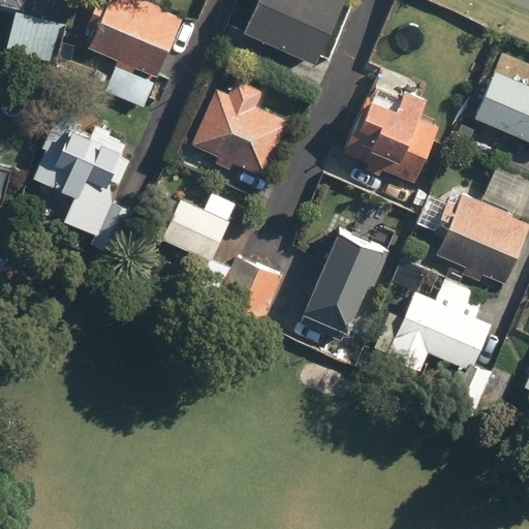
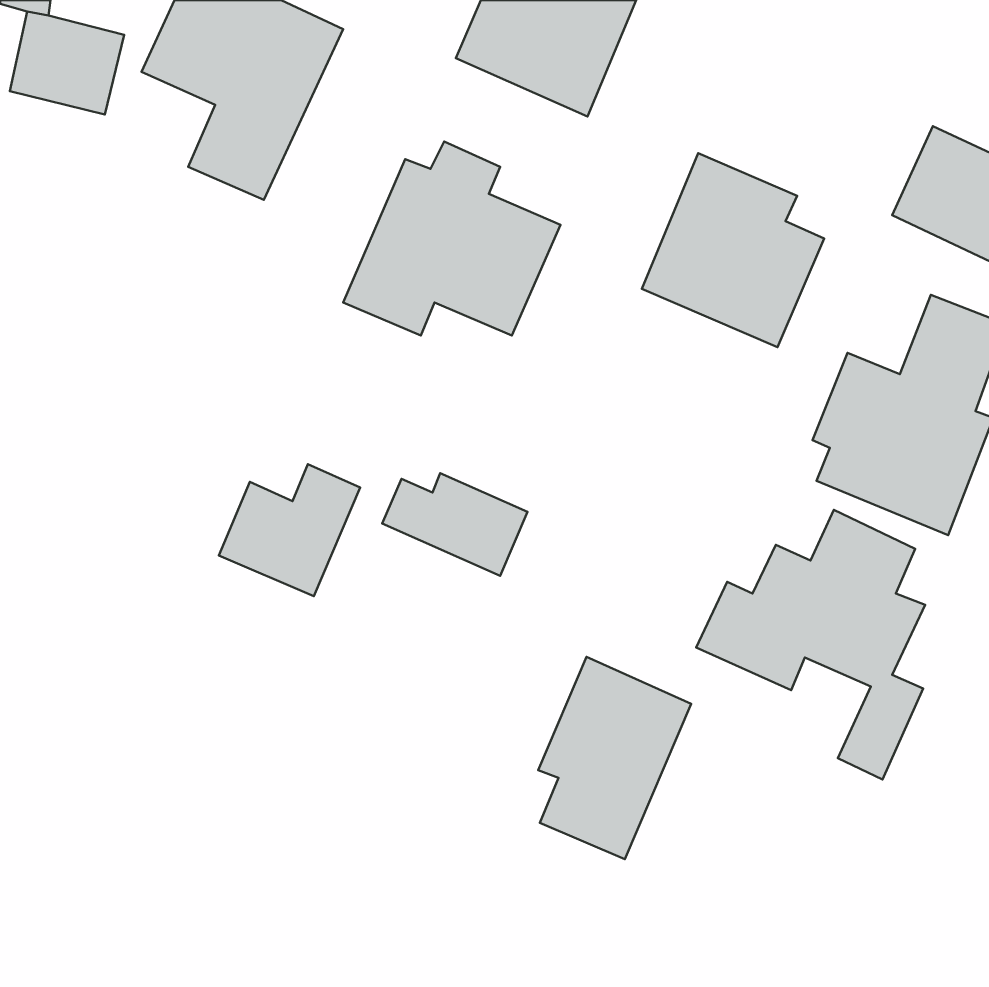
building: [31,121,135,234] -> none
building: [163,190,239,260] -> [219,464,360,596]
building: [299,201,390,339] -> none
building: none -> [538,657,691,859]

